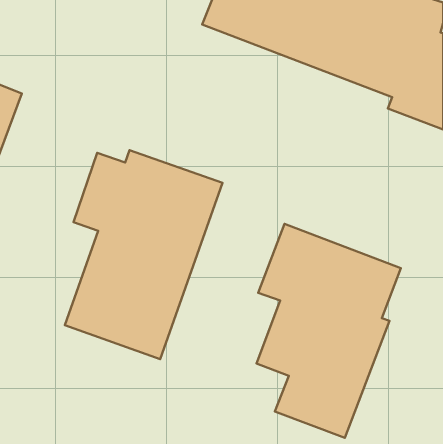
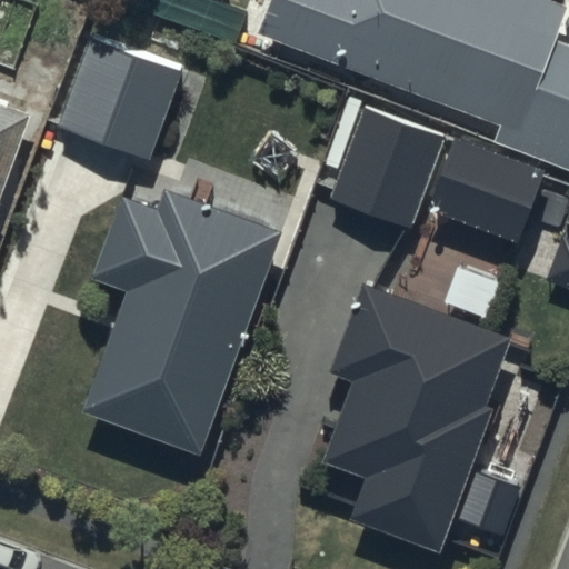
building: none -> [58,36,187,158]
building: none -> [328,108,542,233]

